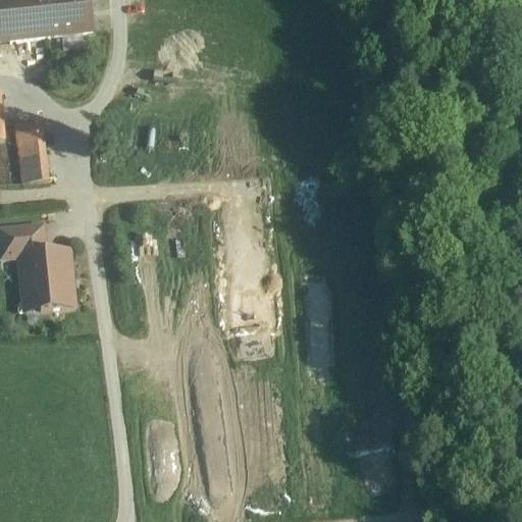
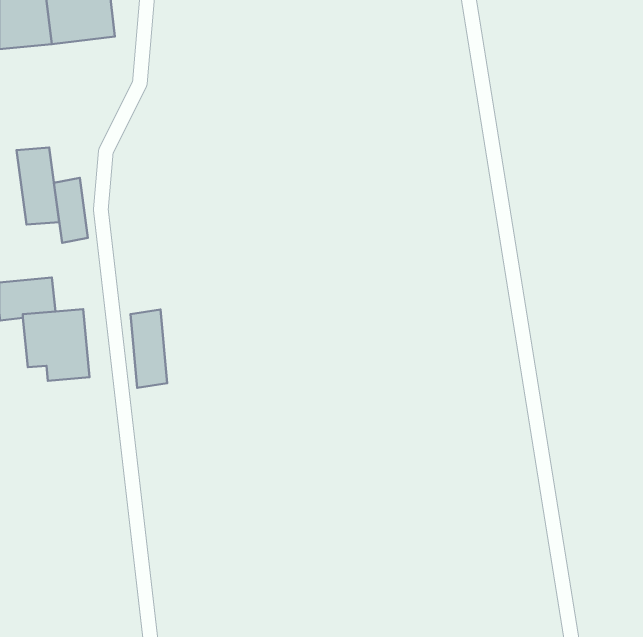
building: none -> [54,178,88,243]
building: none -> [130,309,167,388]

